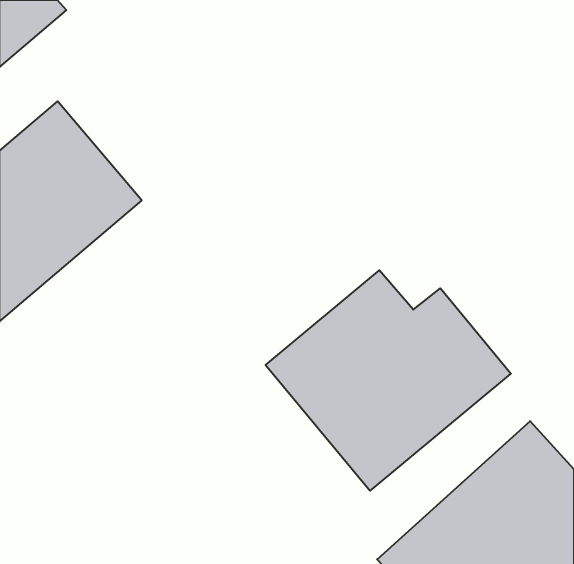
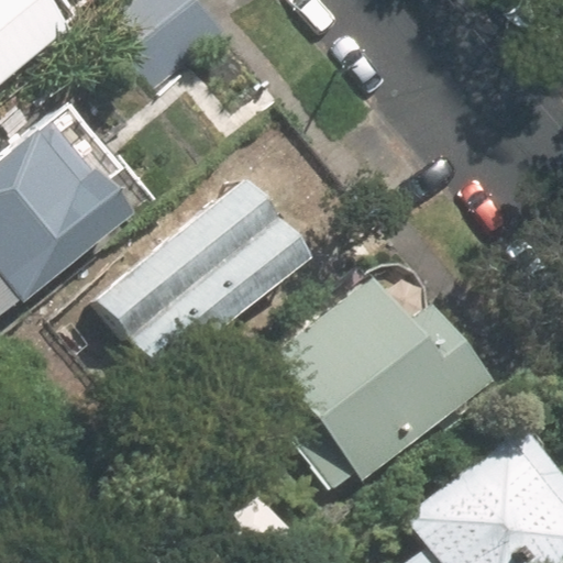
building: none -> [95,170,313,380]

